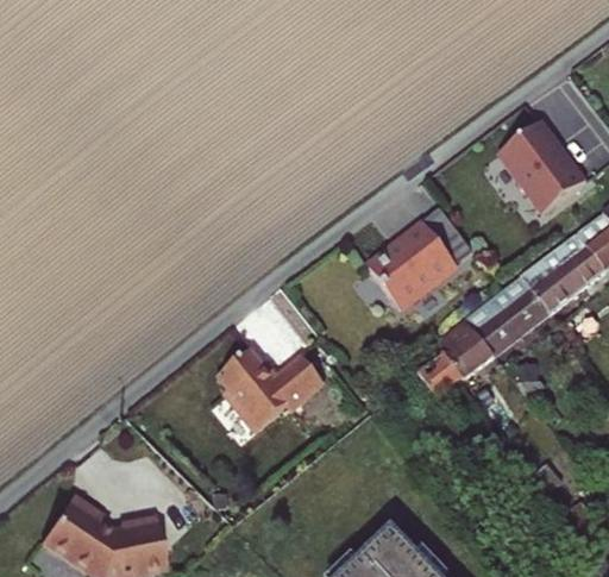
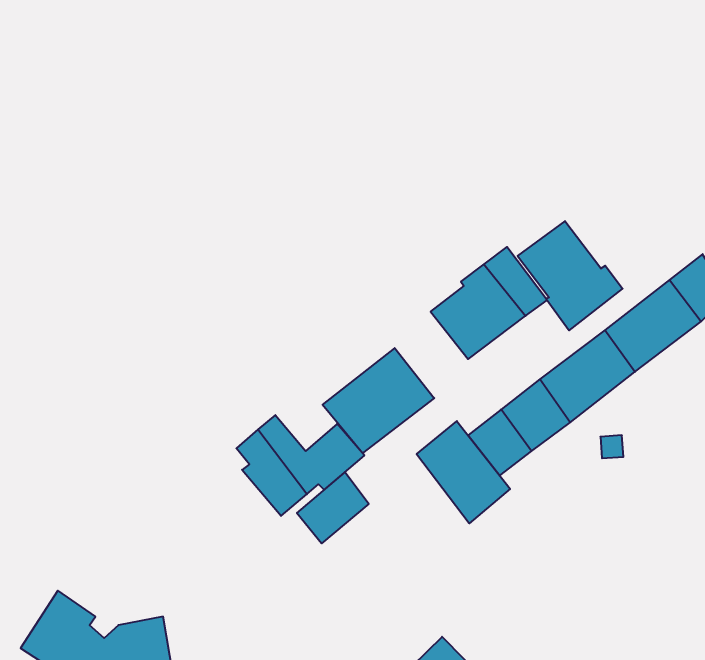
building: [500,125,586,215] -> [518,221,623,330]
building: none -> [323,348,434,453]
building: none -> [417,421,510,523]
building: none -> [297,472,369,543]

